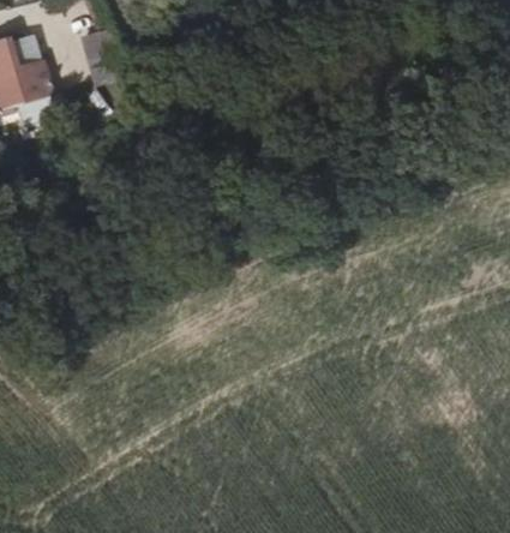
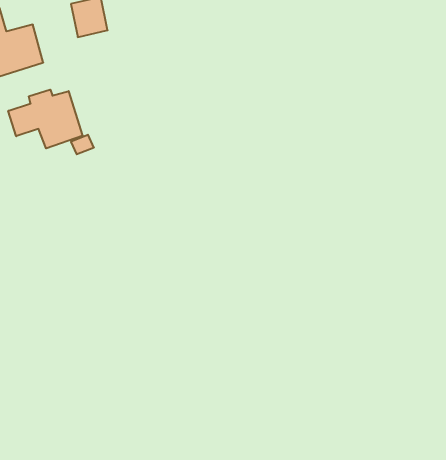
building: none -> [8,90,83,148]

